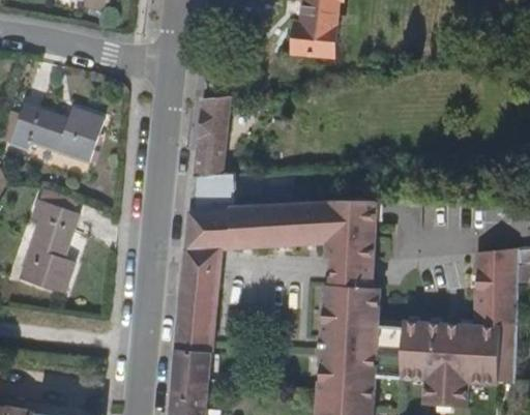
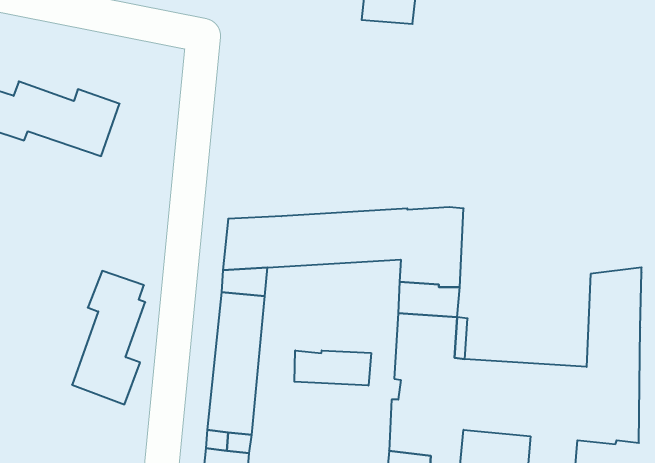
building: [189,98,232,210] -> none
building: [20,187,78,293] -> [72,271,145,404]
building: none -> [294,350,371,386]

